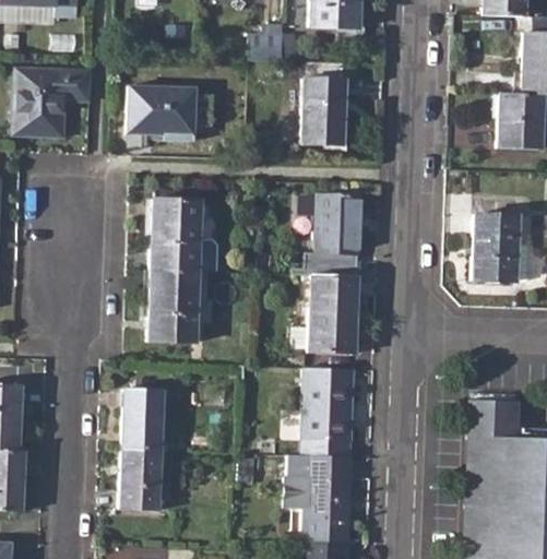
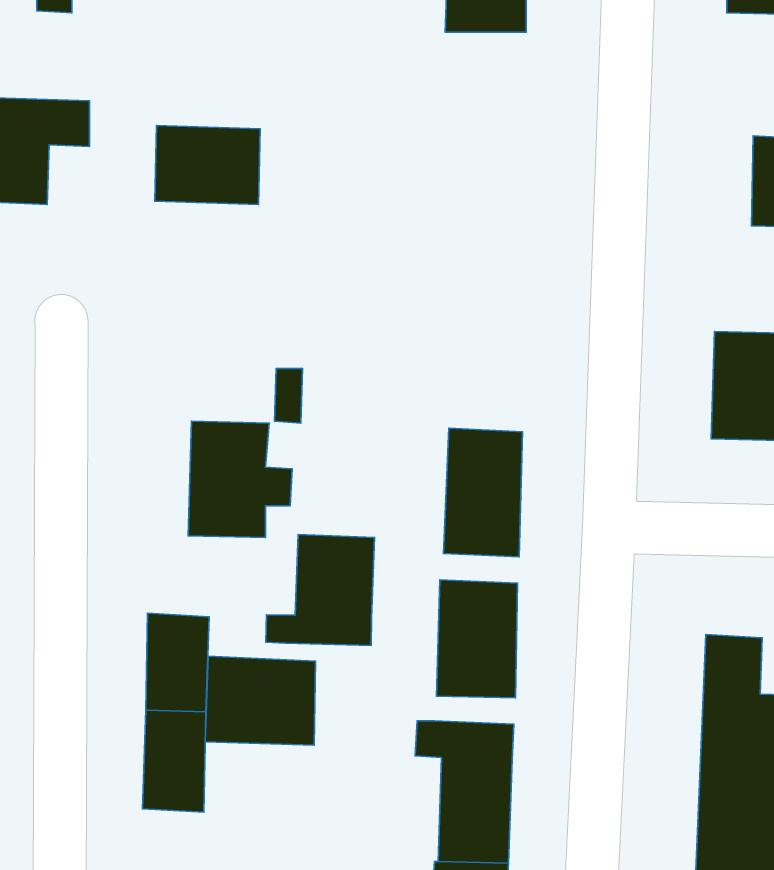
building: [250,24,283,61] -> none
building: [301,79,345,145] -> none
building: [317,193,361,254] -> none
building: [152,199,201,271] -> none
building: none -> [266,535,375,645]
building: none -> [205,656,316,745]

